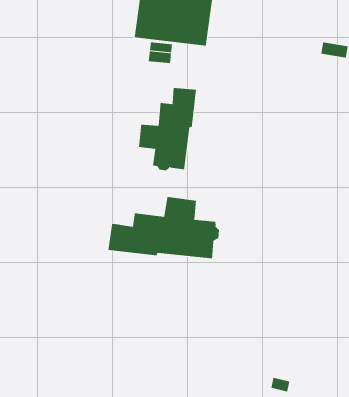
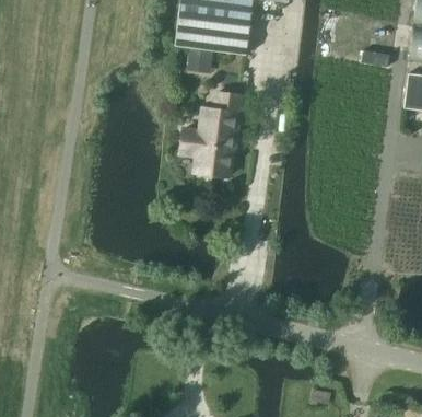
building: [108,196,220,259] -> none

